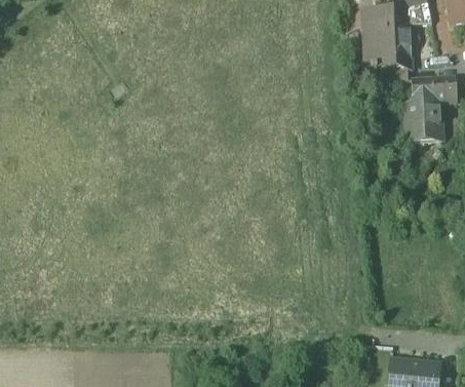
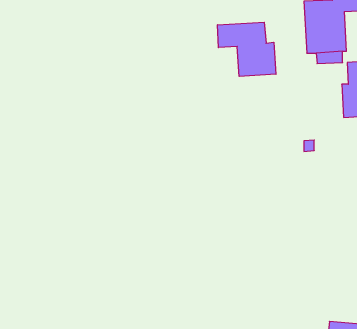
building: none -> [218,22,276,76]

